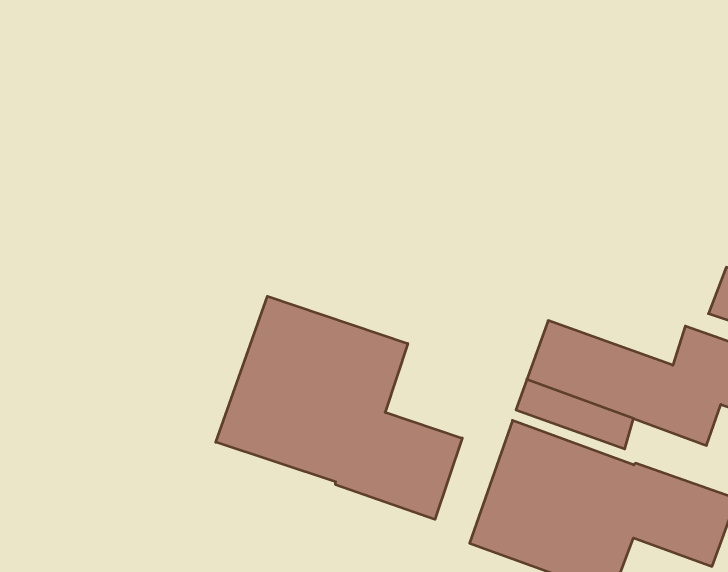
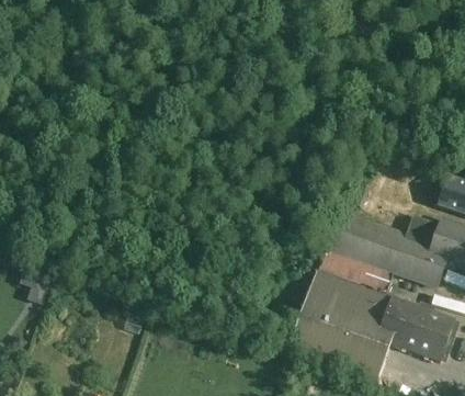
building: [216,296,462,519] -> none

